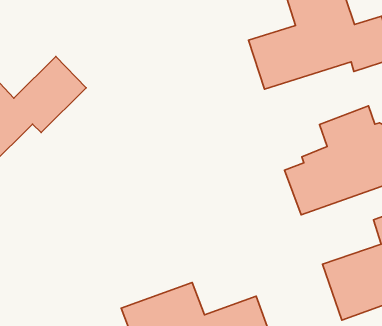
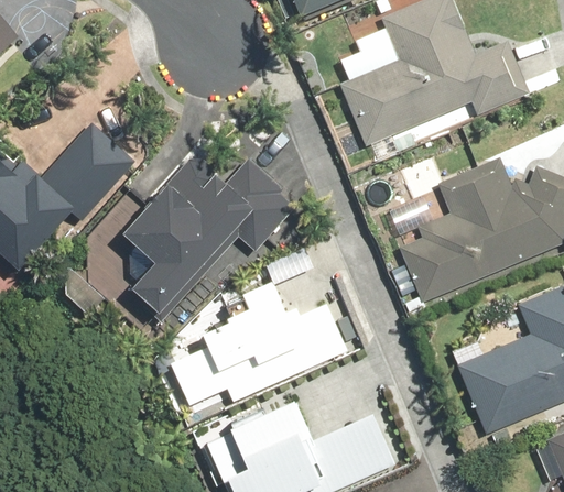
building: none -> [117,155,297,321]
building: none -> [166,280,348,406]

